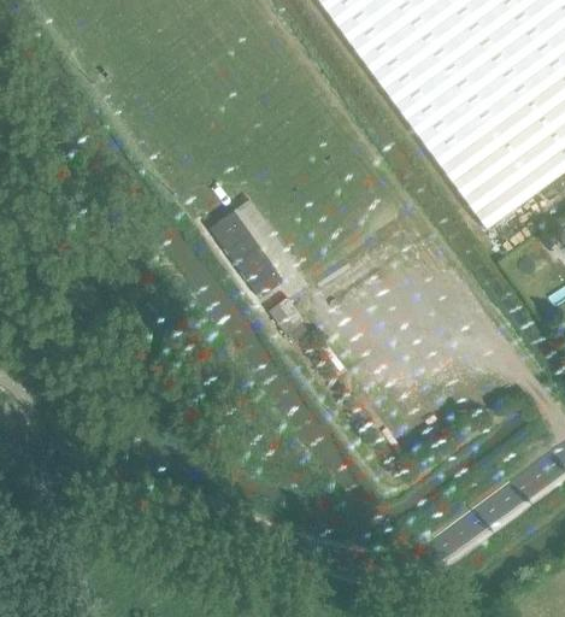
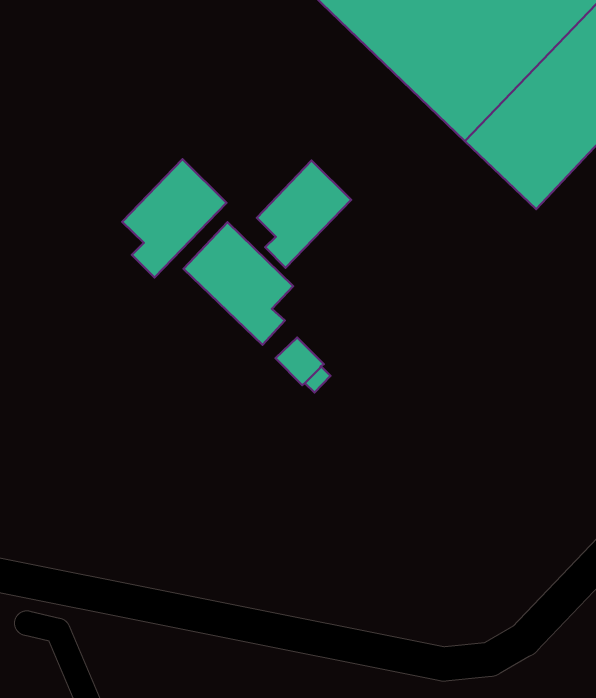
building: none -> [122,159,227,277]
building: none -> [257,161,351,268]

